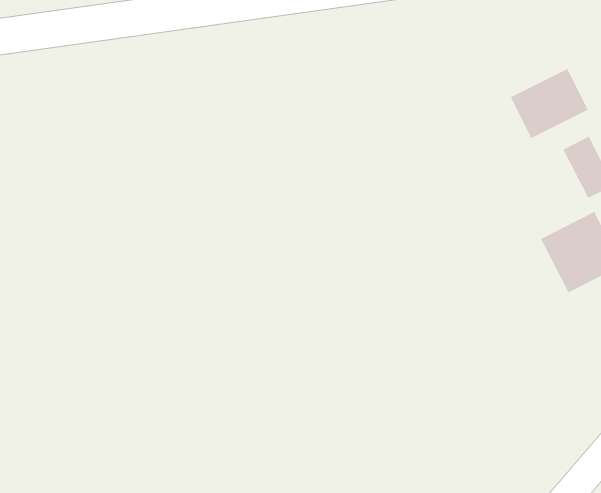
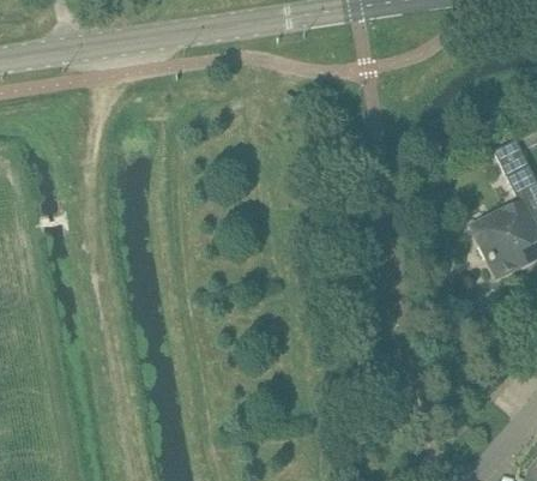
building: [510,68,589,139] -> none

